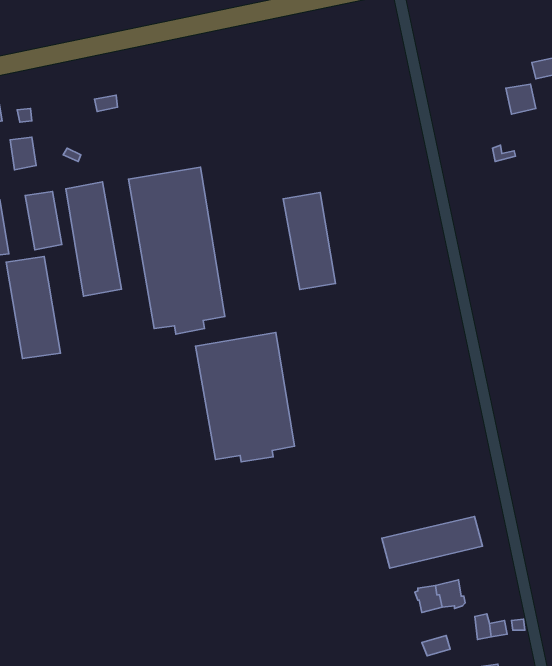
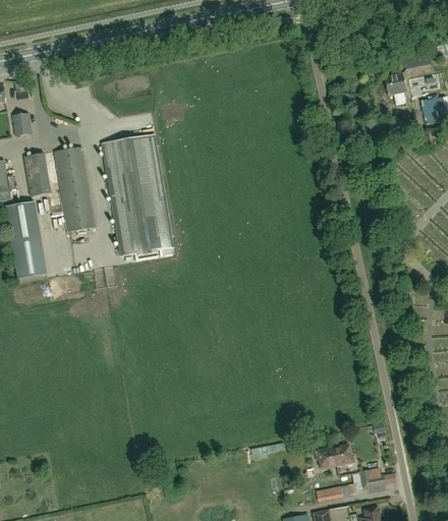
building: [283,193,336,289] -> none
building: [195,333,295,462] -> none
building: [382,516,482,568] -> none

